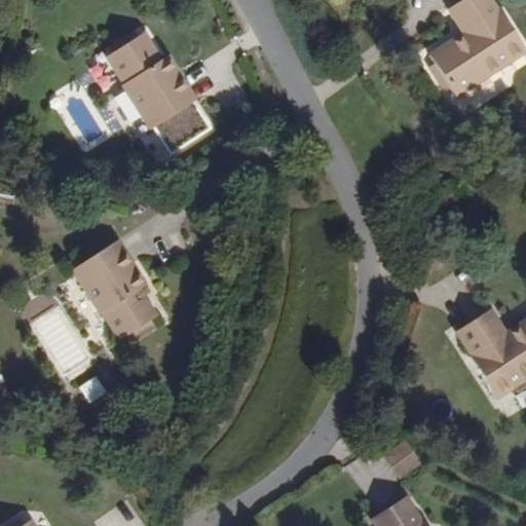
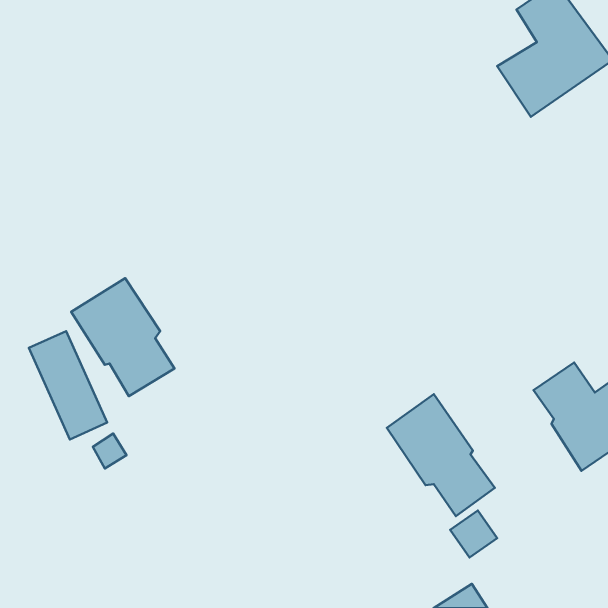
building: [105,30,210,155] -> none
building: none -> [387,394,495,516]

